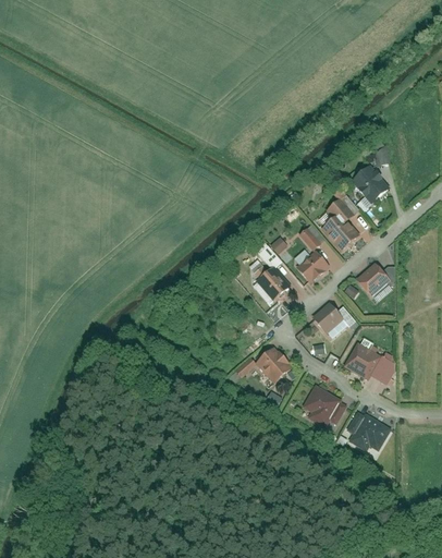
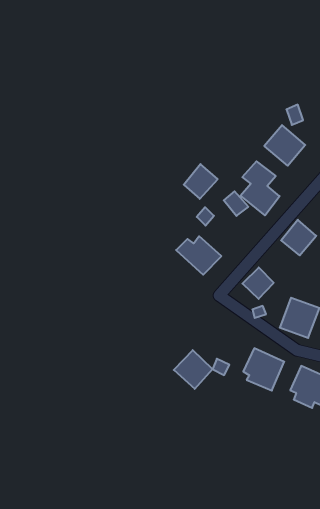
building: [296,248,331,283] -> [184,164,218,199]
building: [255,344,294,384] -> [174,350,213,389]

